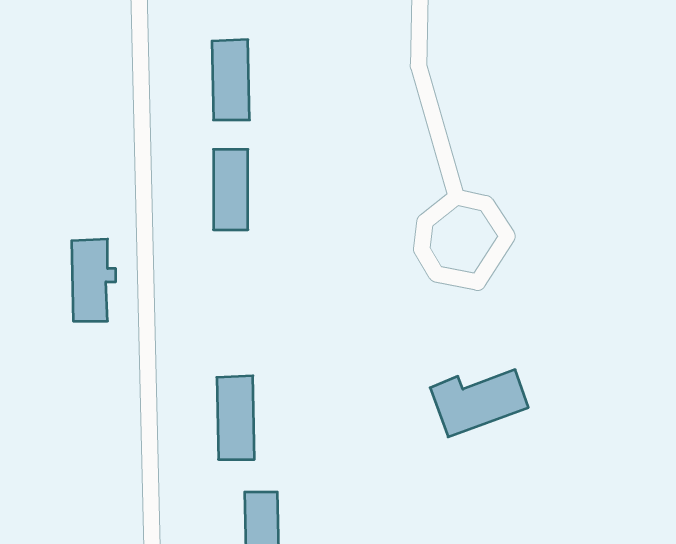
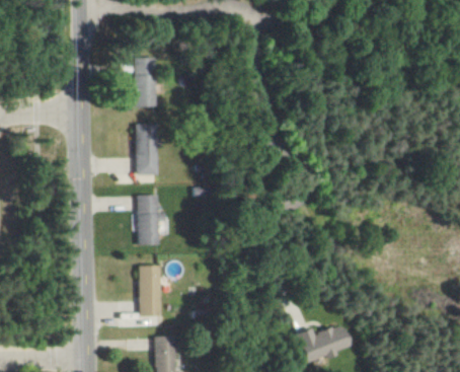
building: [72,239,116,321] -> [136,195,163,245]
building: [430,370,528,437] -> [293,322,354,364]

